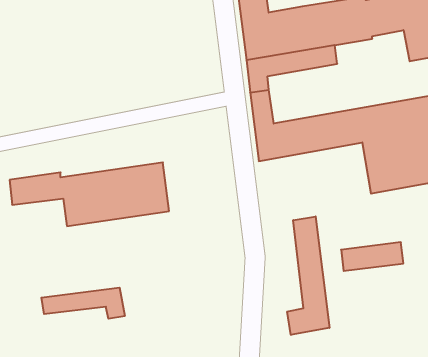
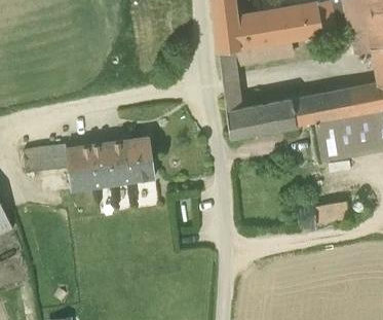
building: [287,216,329,335] -> none
building: [41,288,125,319] -> none

